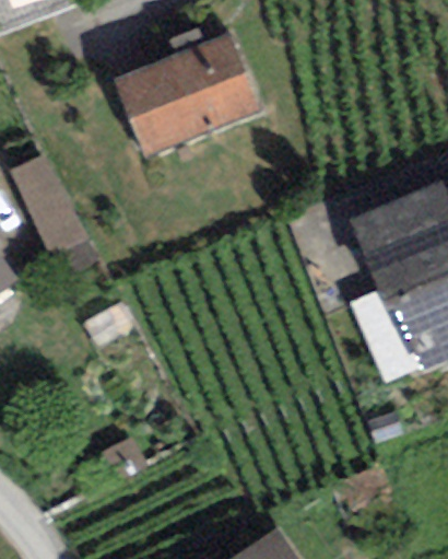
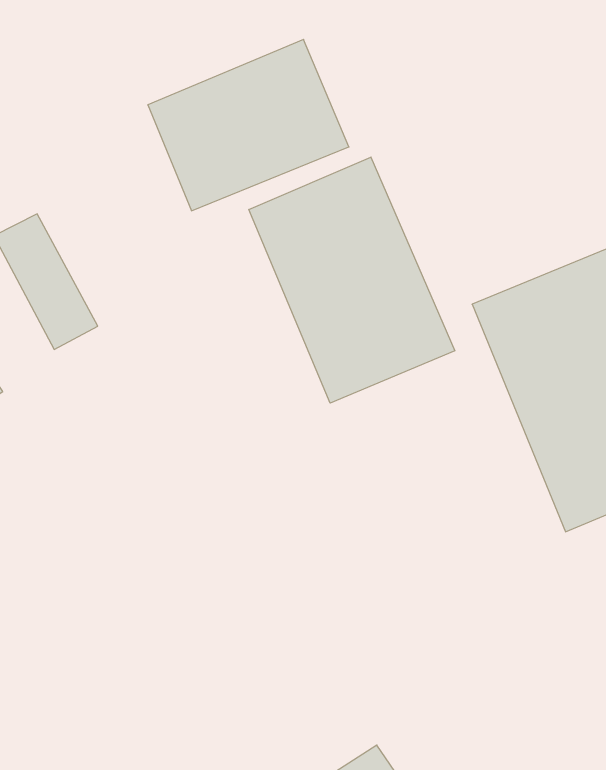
building: none -> [249,157,455,403]

